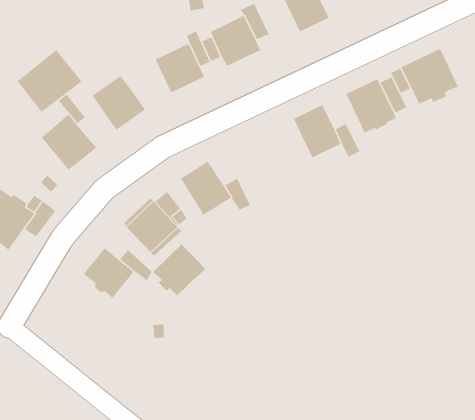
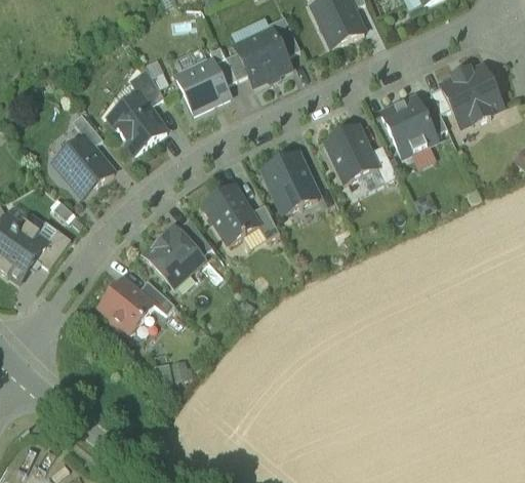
building: [16,49,82,113] -> none
building: none -> [127,67,162,106]
building: none -> [261,152,316,211]
building: [153,243,206,296] -> none

